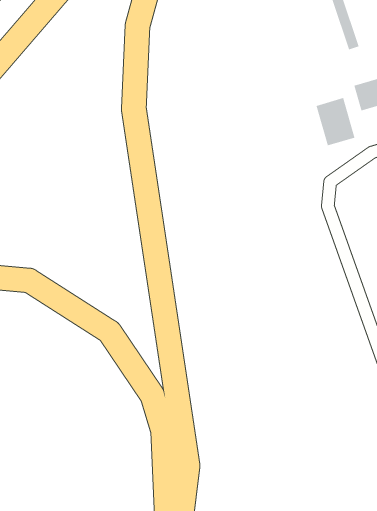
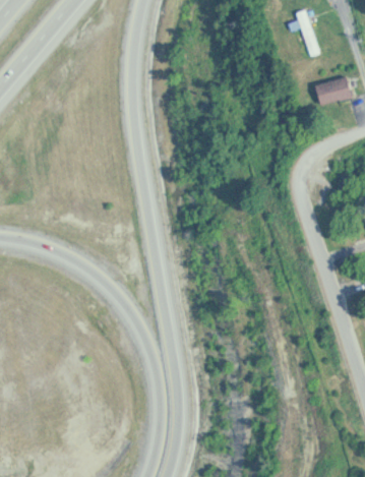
building: [316,97,355,146] -> none

